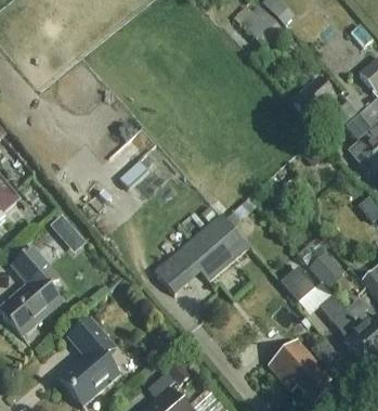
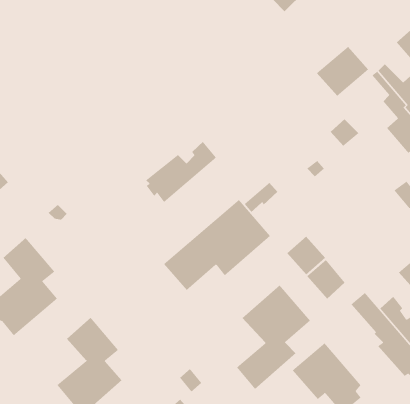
building: none -> [145,141,233,203]
building: [309,251,343,285] -> [287,236,326,275]
building: none -> [236,284,311,390]

